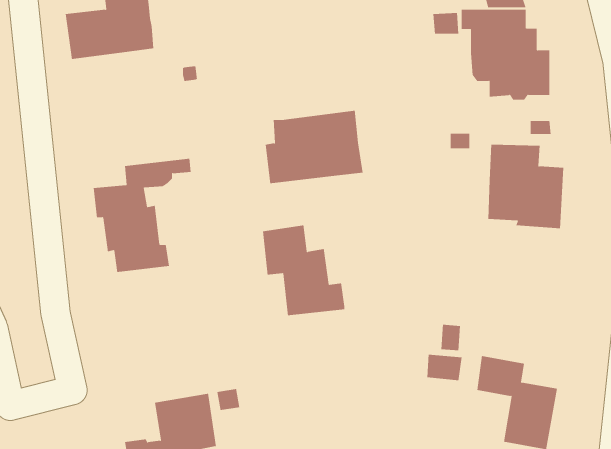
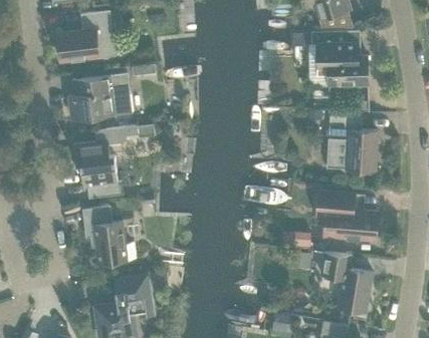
building: [265,110,363,184] -> [67,73,131,120]
building: [262,225,345,316] -> [81,206,135,264]
building: none -> [315,191,377,241]

